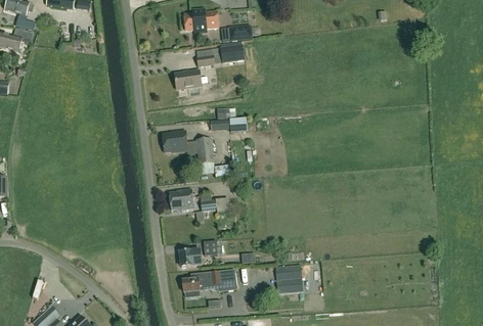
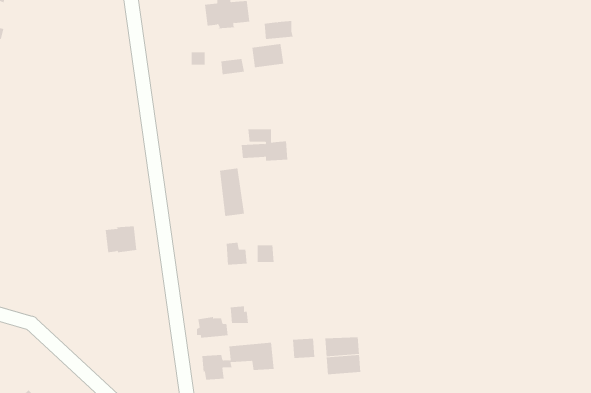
building: [173,69,201,90] -> none
building: [162,131,187,152] -> none
building: [168,190,192,211] -> [105,226,137,253]

